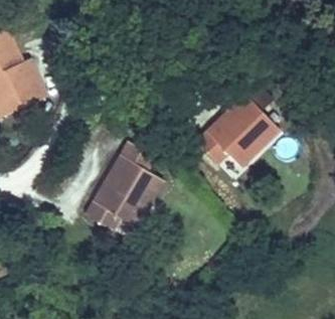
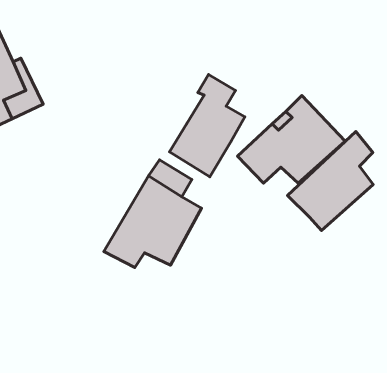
building: none -> [170,75,245,177]
building: none -> [288,131,373,231]

